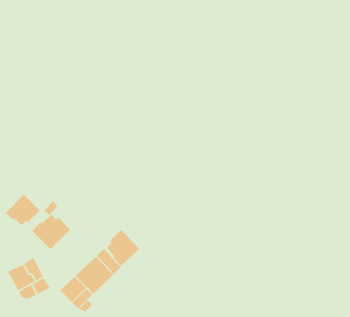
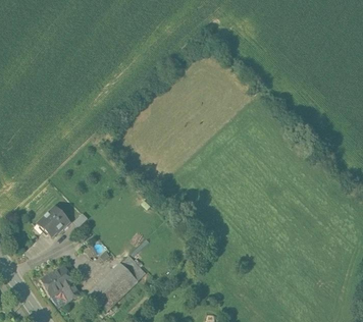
building: [31,214,71,250] -> none
building: [106,229,140,267] -> none

